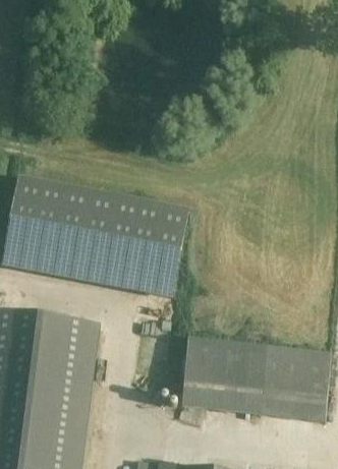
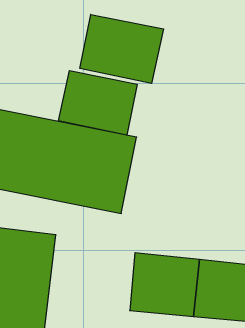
building: none -> [80,14,164,83]
building: none -> [59,71,137,135]

